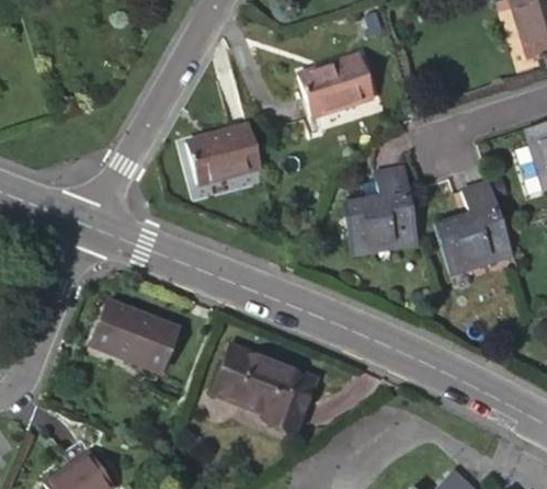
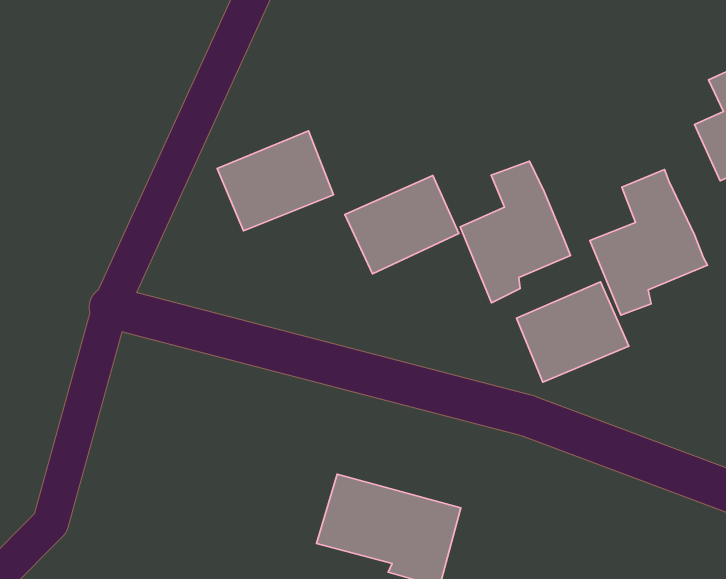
building: [297,53,374,115] -> [345,176,459,274]
building: none -> [517,282,629,382]
building: [100,309,186,379] -> none

